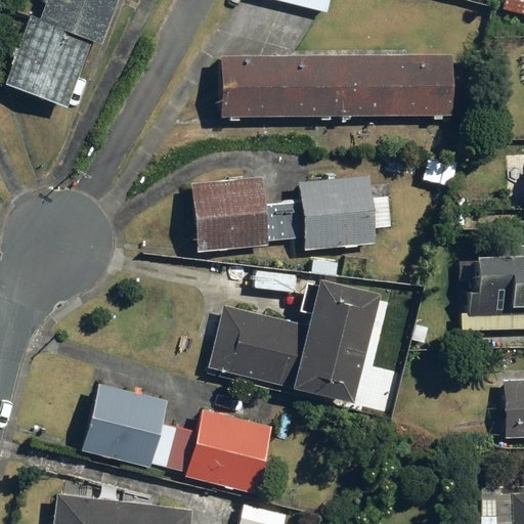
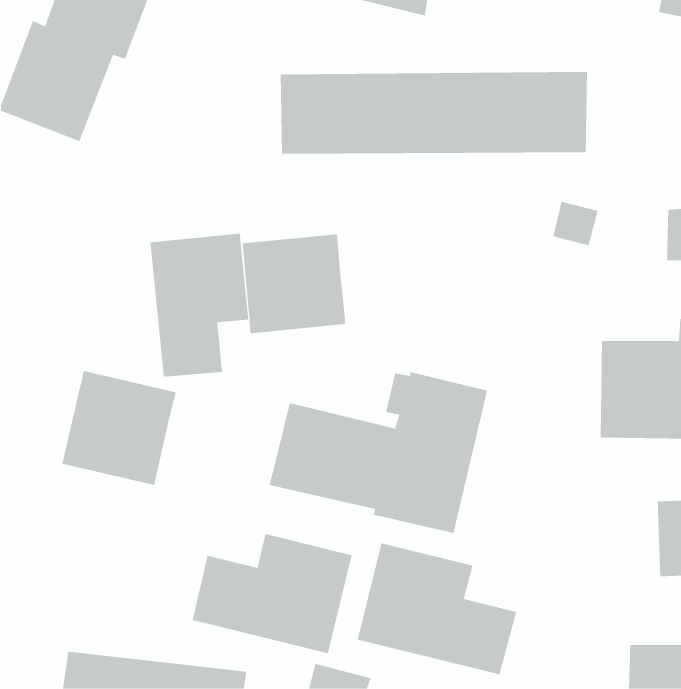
building: [265,176,381,253] -> none
building: none -> [150,233,249,377]
building: [82,383,169,470] -> [62,371,176,485]
building: none -> [357,543,517,675]

